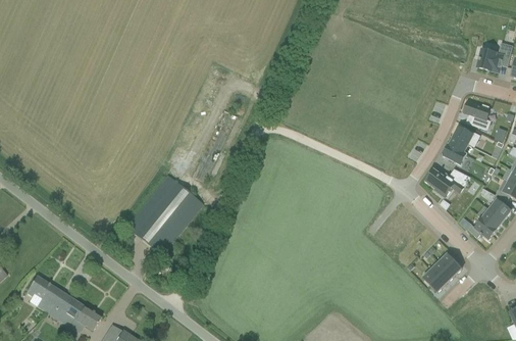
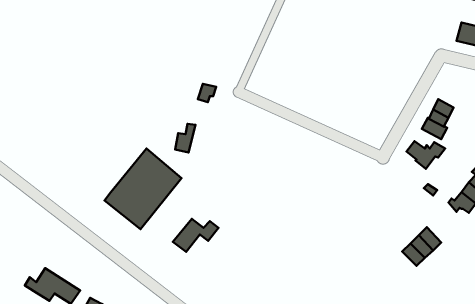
building: [463,100,491,130] -> none
building: none -> [173,219,218,252]
building: [25,275,66,311] -> none

